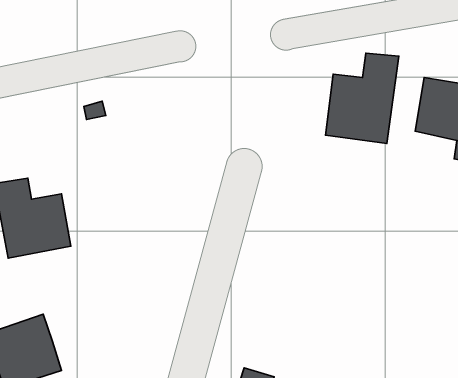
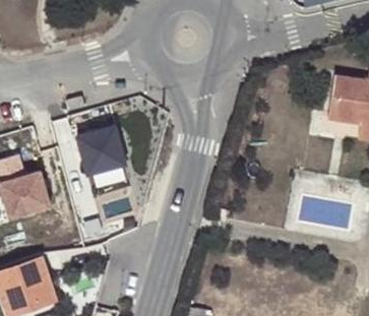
building: [326,53,399,143] -> none
building: none -> [82,124,132,172]

